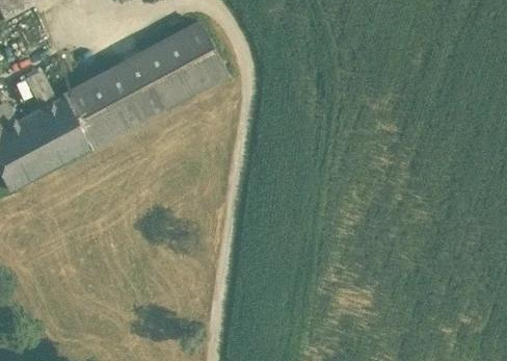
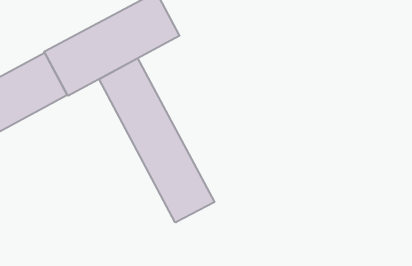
building: none -> [99,58,214,222]

